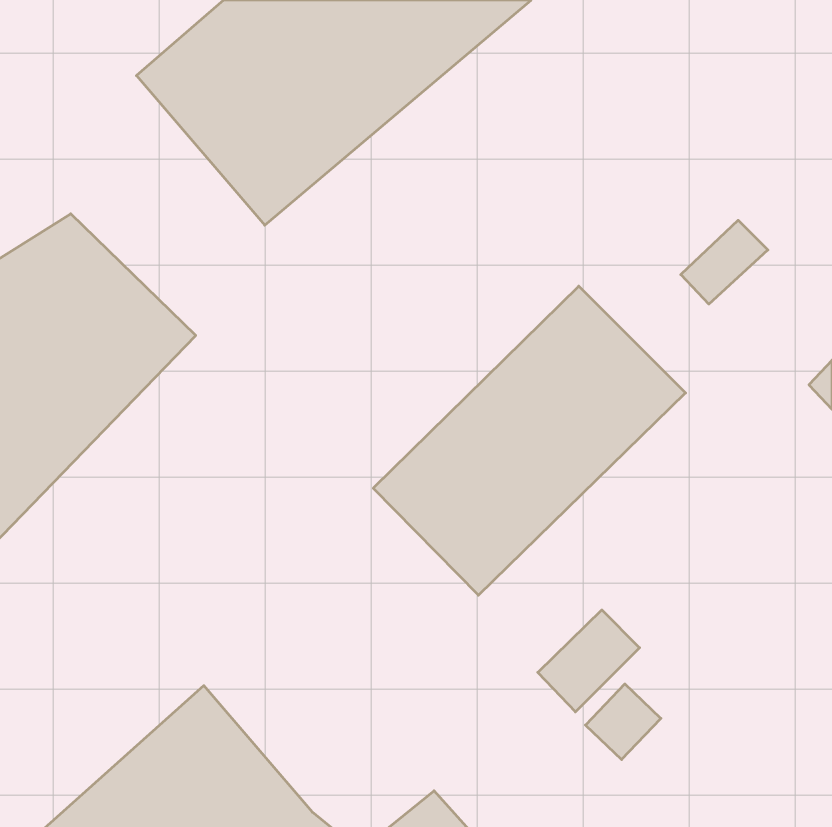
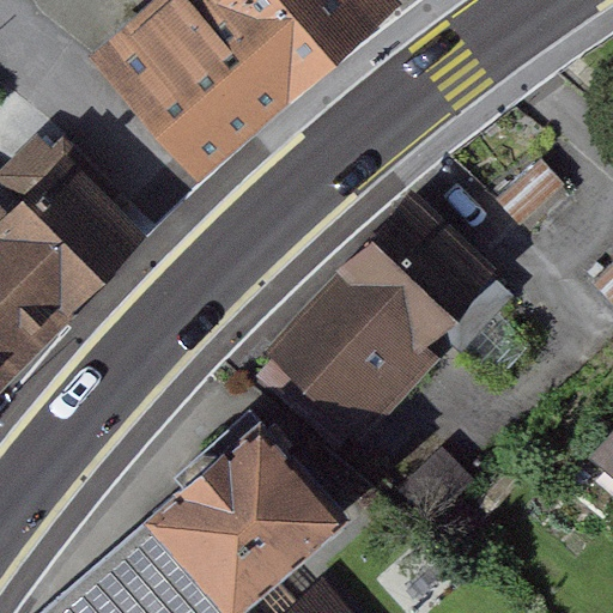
building: none -> [148,417,338,601]

